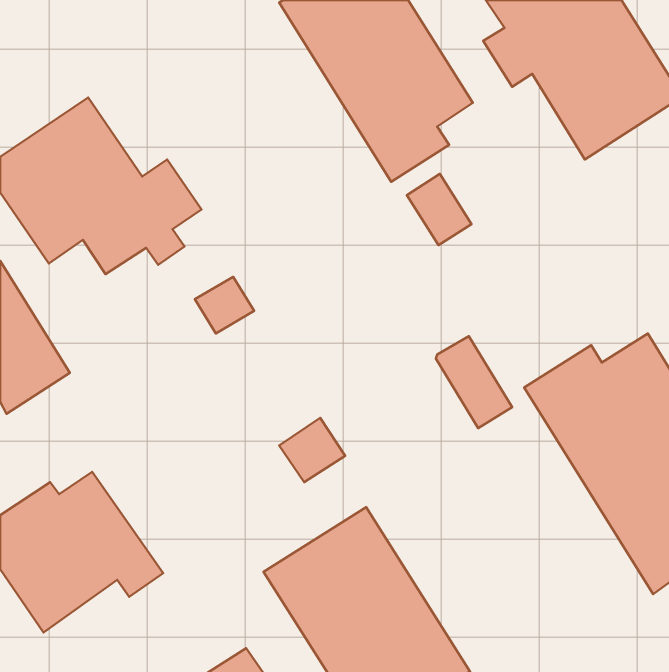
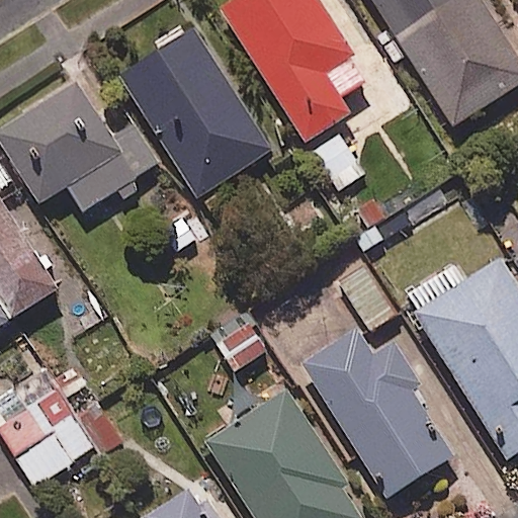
building: none -> [117,26,270,196]
building: none -> [291,328,450,502]

